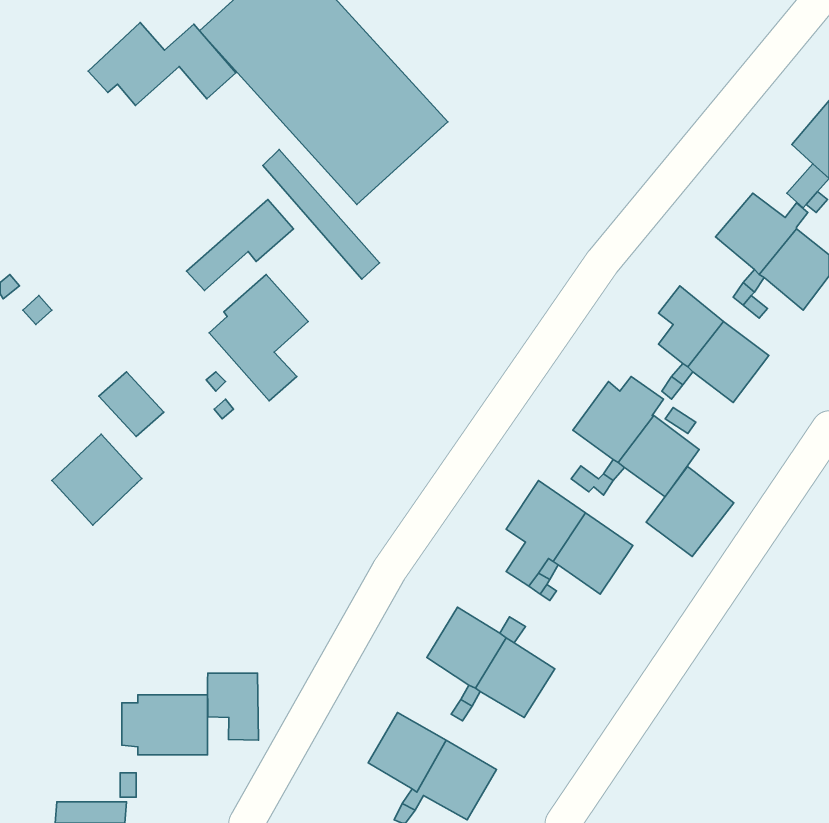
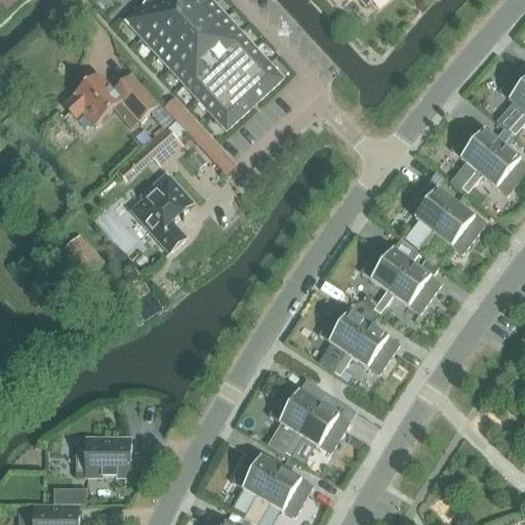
building: [88,23,236,105] -> [65,73,158,125]
building: [52,434,142,525] -> none
building: [646,467,734,557] -> none
building: [208,673,259,740] -> none

